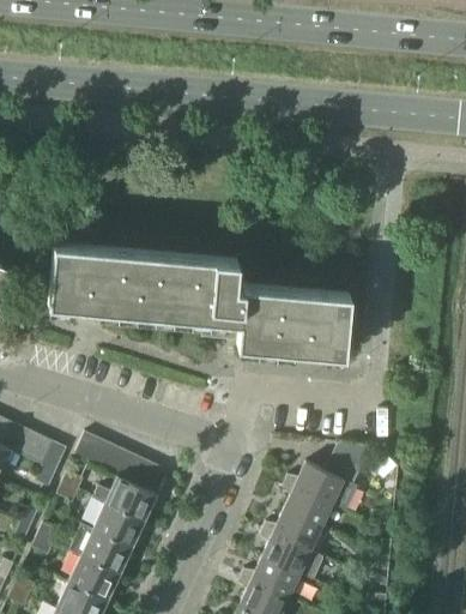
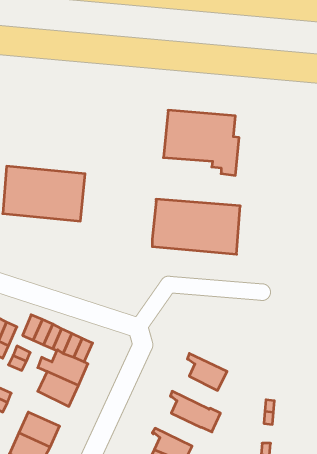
building: [147,254,243,337] -> [163,110,239,175]
building: [285,455,362,512] -> none
building: [264,511,321,553] -> none
building: [71,524,133,574] -> none
building: [242,558,299,600] -> none

